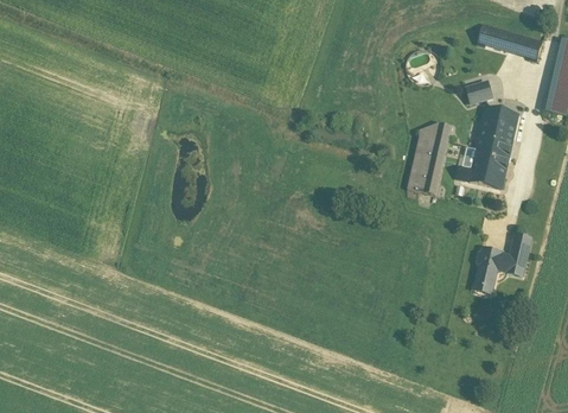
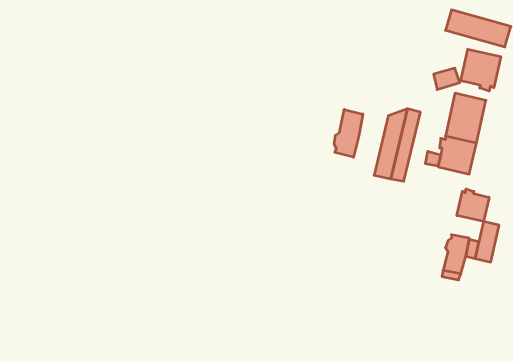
building: none -> [461,49,501,91]
building: none -> [334,109,363,157]
building: none -> [457,189,489,222]

